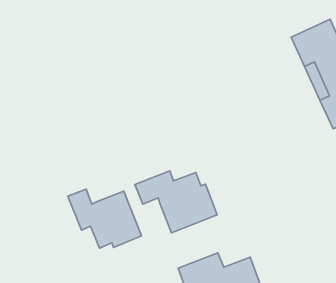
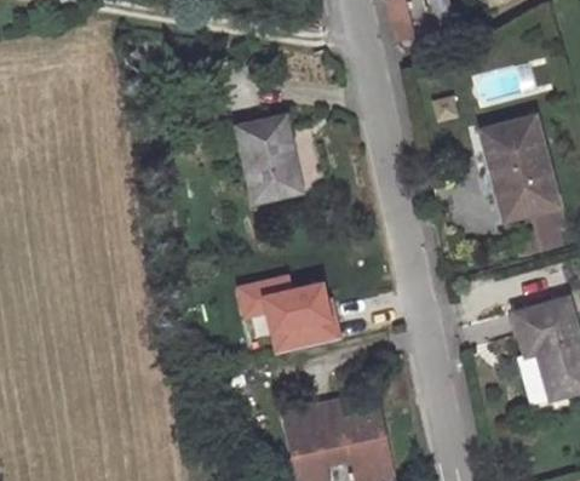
building: none -> [240,116,300,201]
building: [68,189,142,248] -> none

